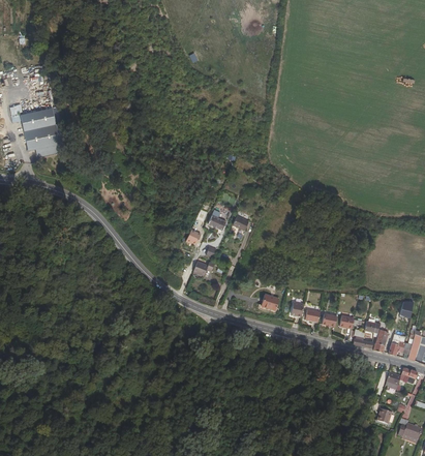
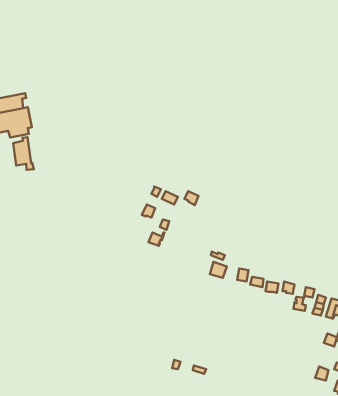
building: none -> [13,137,34,170]

